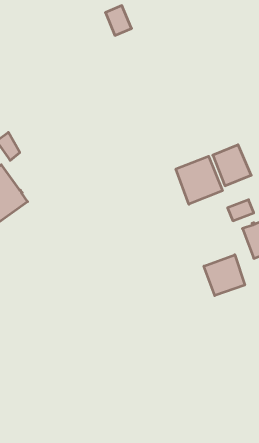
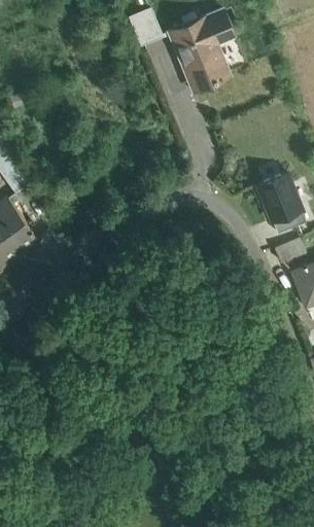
building: none -> [168,7,231,86]
building: [176,156,222,204] -> none
building: [204,255,245,296] -> none

